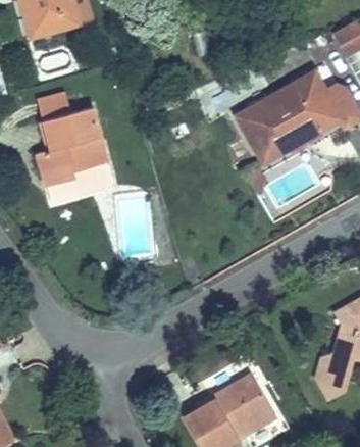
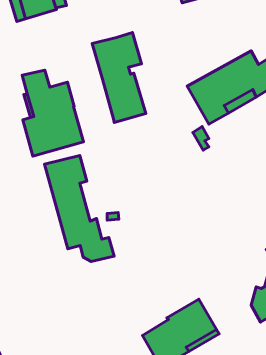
building: none -> [92,32,146,122]
building: none -> [44,156,114,262]

